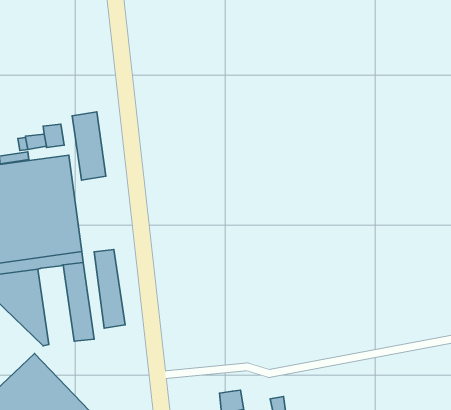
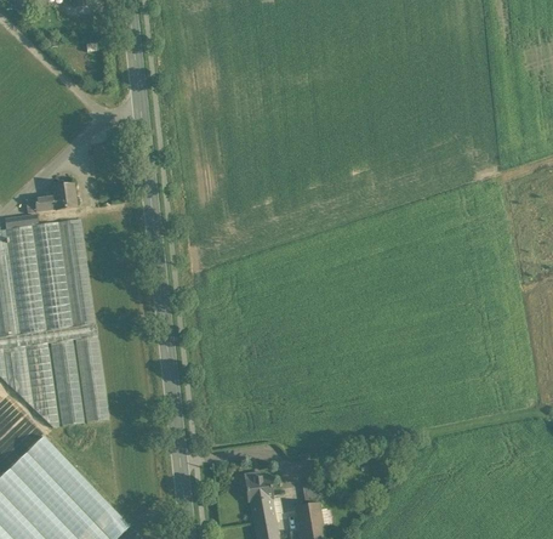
building: [72,112,106,180] -> none
building: [94,250,125,328] -> [49,340,82,426]

